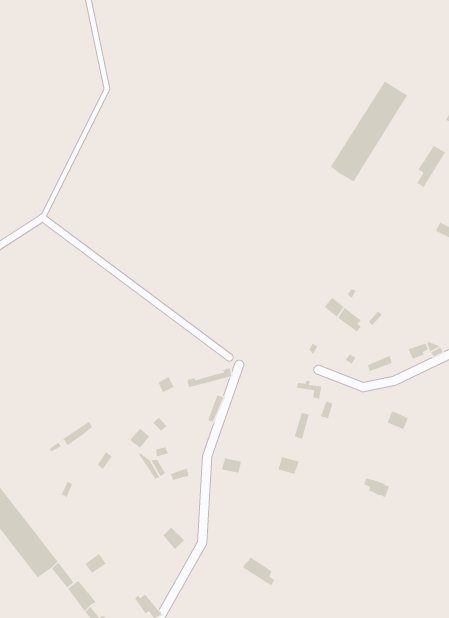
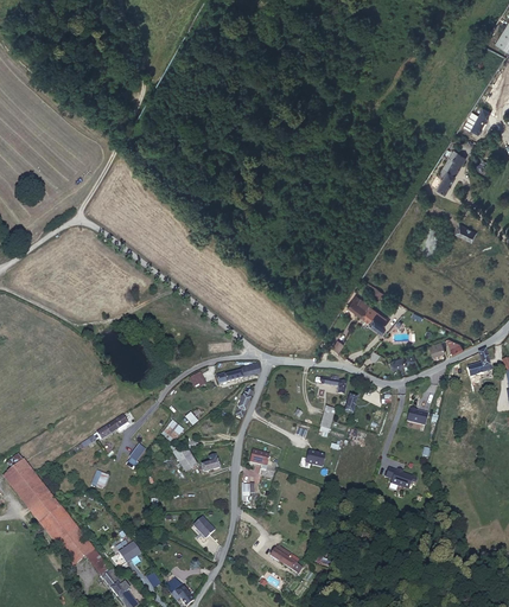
building: [330,81,408,183] -> none

